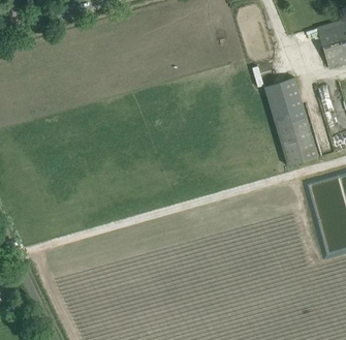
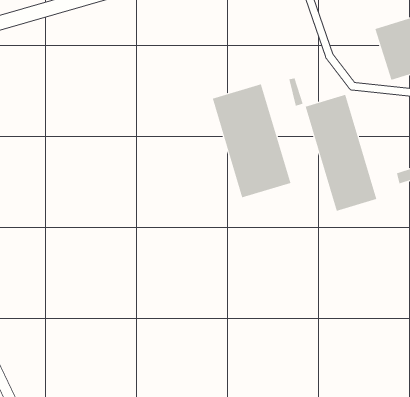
building: none -> [212,84,291,198]

